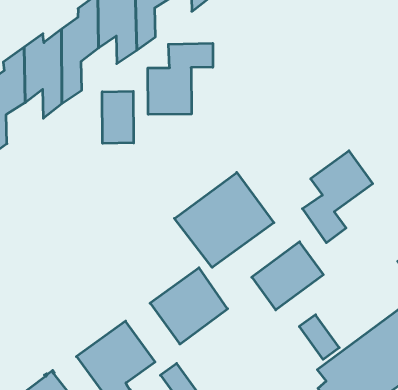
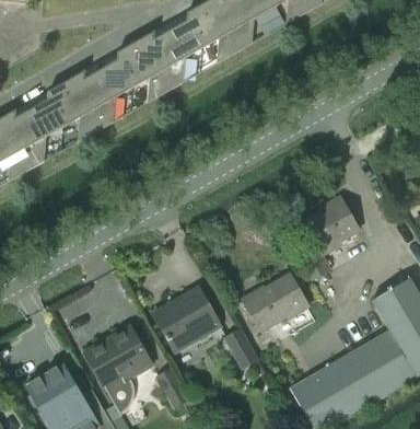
building: [148,43,213,114] -> none
building: [102,91,134,143] -> none
building: [174,172,274,267] -> none
building: [299,315,339,359] -> [225,328,258,368]

